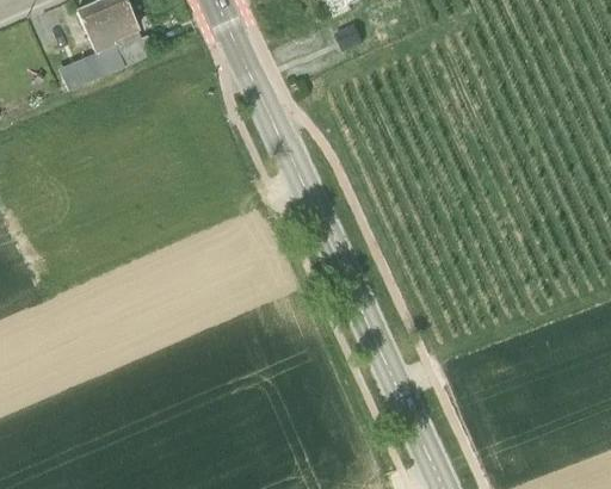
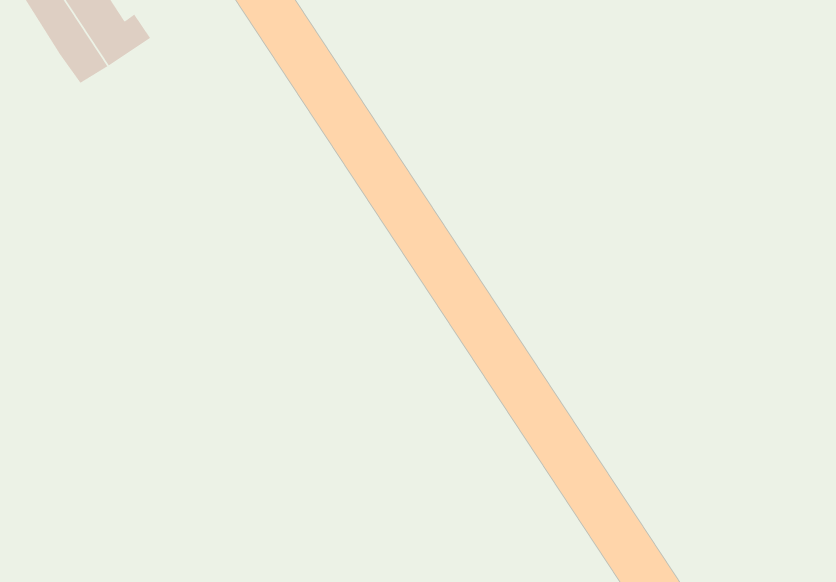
building: [62,51,105,89] -> none

